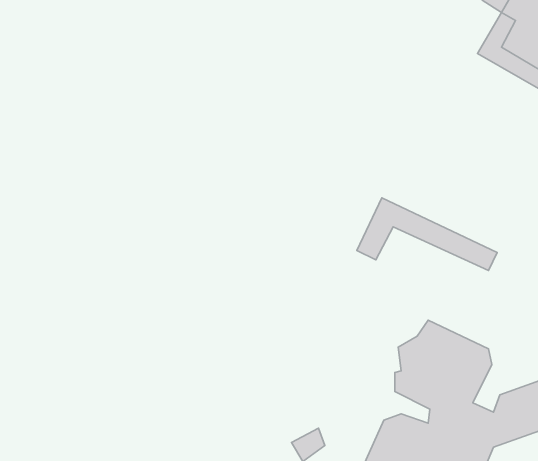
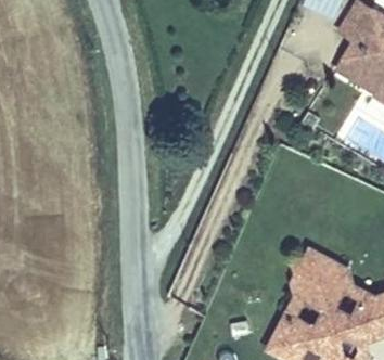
building: [357,198,497,270] -> none

